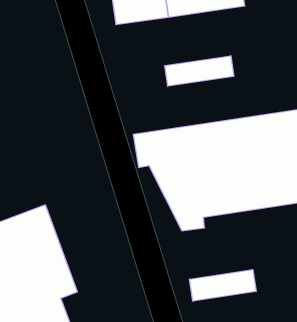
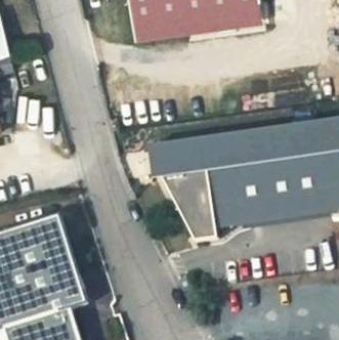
building: [165,56,234,86] -> none
building: [190,270,256,301] -> none

